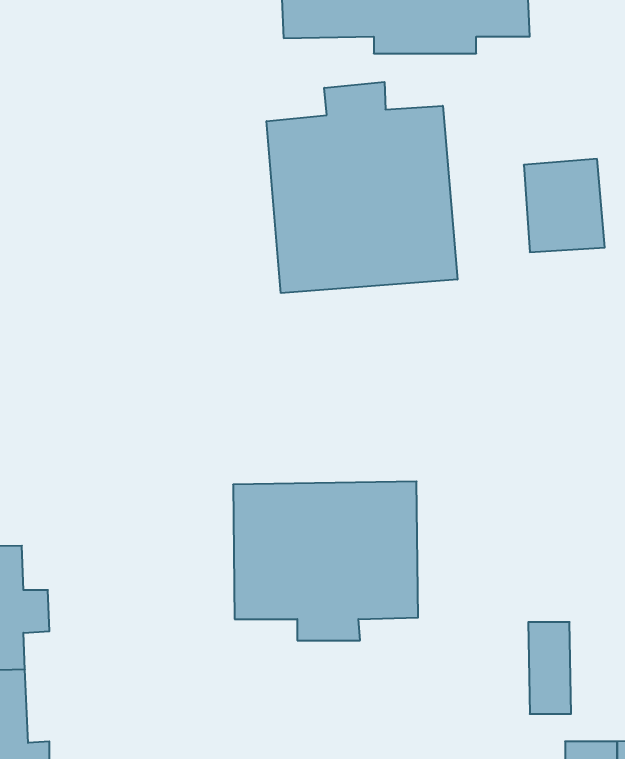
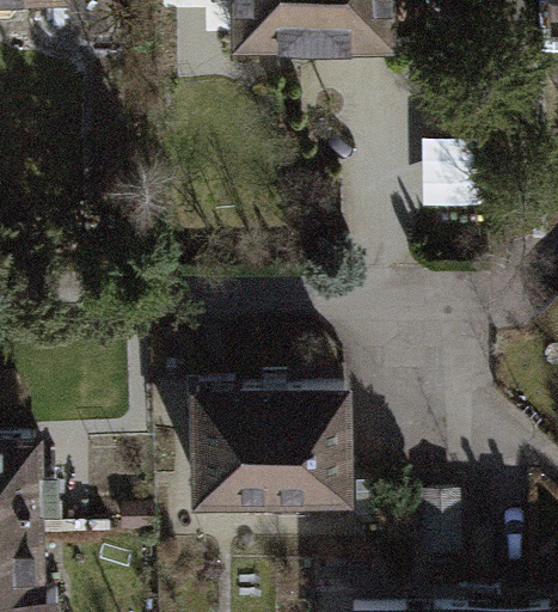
building: [267,82,457,293] -> none

